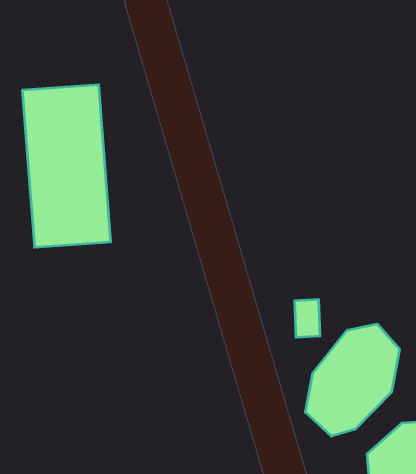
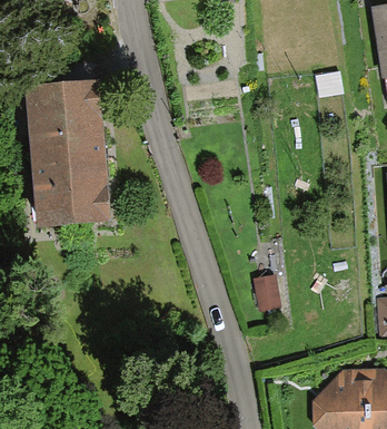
building: [305,324,399,436] -> none

